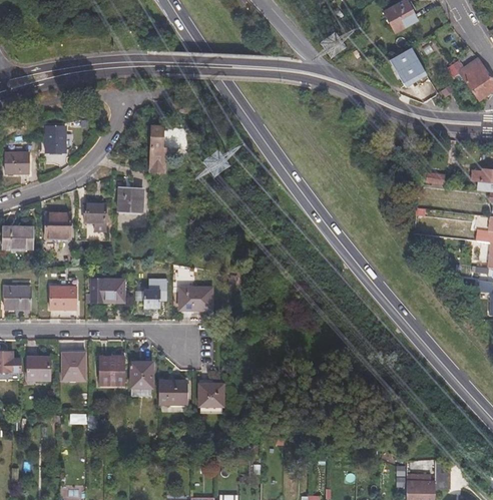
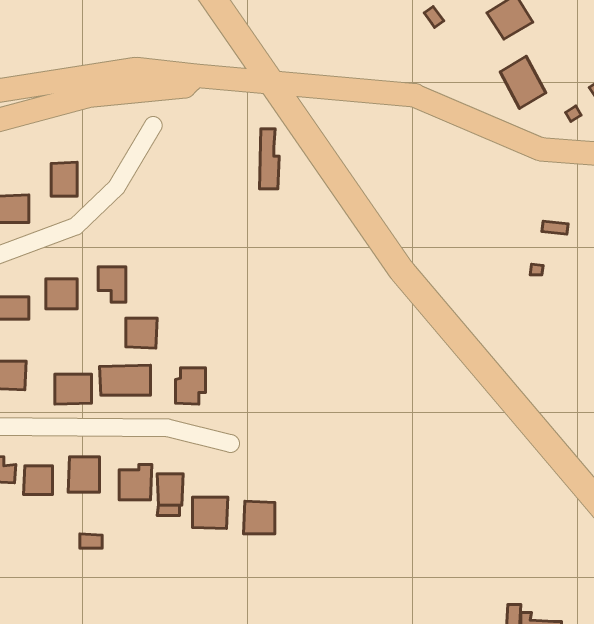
building: [149,125,164,171] -> [260,129,279,189]
building: [118,186,142,209] -> [126,318,157,348]
building: [178,288,213,311] -> none

